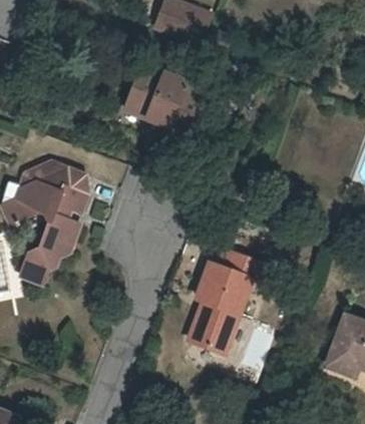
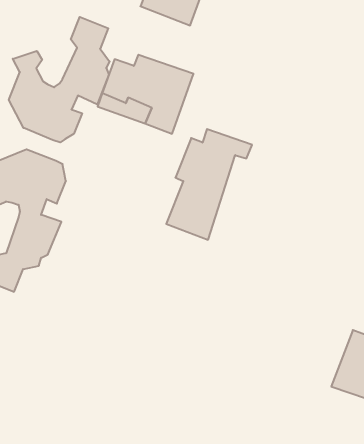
building: none -> [9,17,110,142]
building: [190,253,266,351] -> [166,129,252,240]

